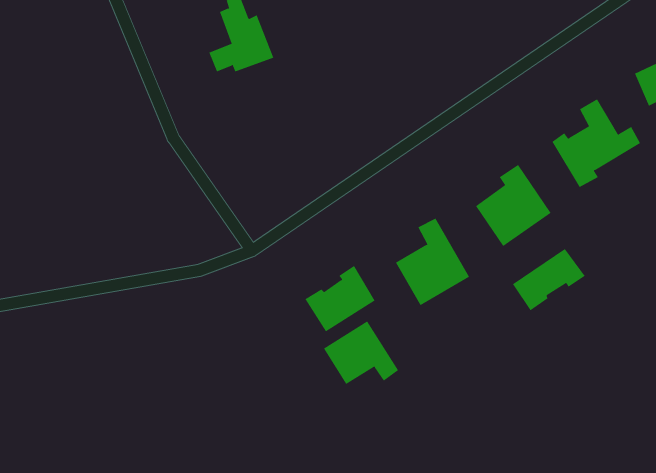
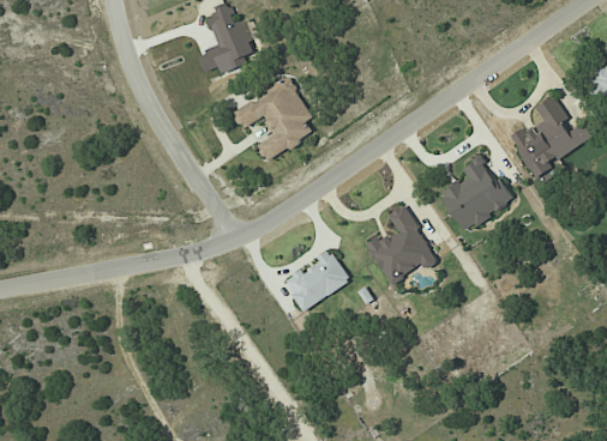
building: none -> [234,79,313,159]
building: [512,248,585,311] -> none
building: [323,320,399,385] -> none

